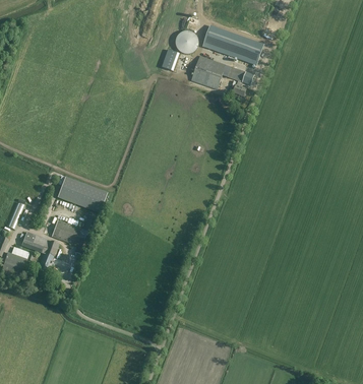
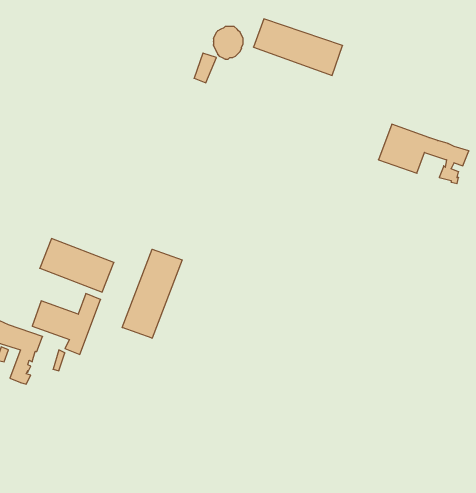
building: [191,55,253,95] -> [378,124,469,184]
building: none -> [122,249,182,338]

